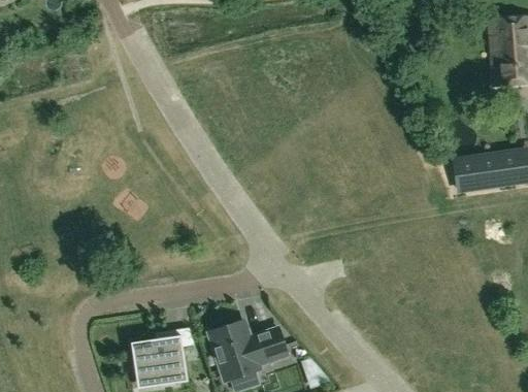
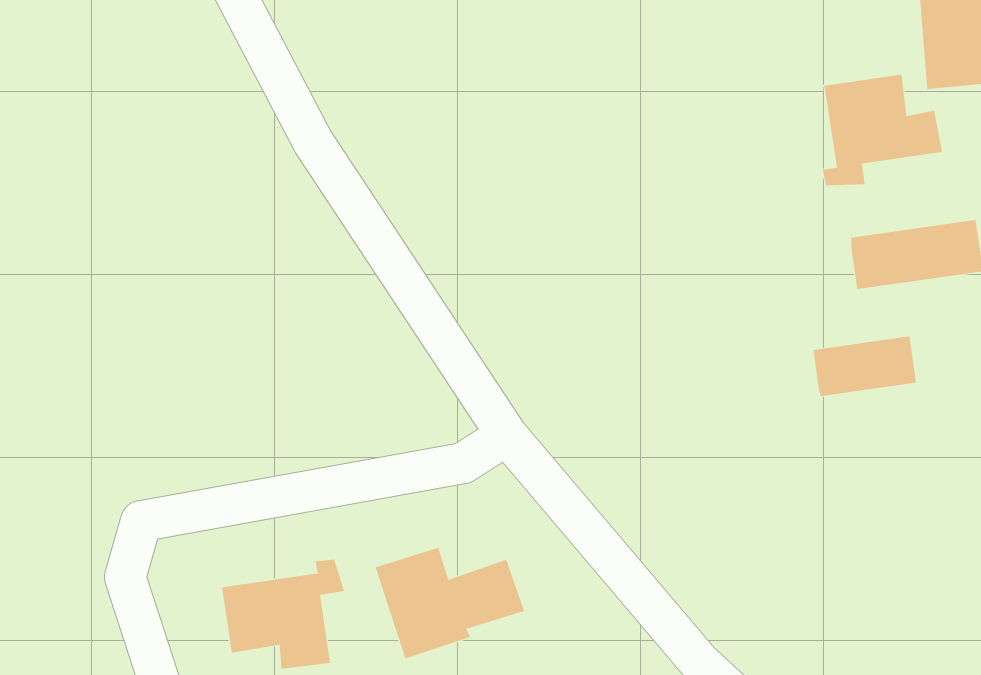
building: none -> [822,74,943,186]
building: none -> [813,335,916,397]

